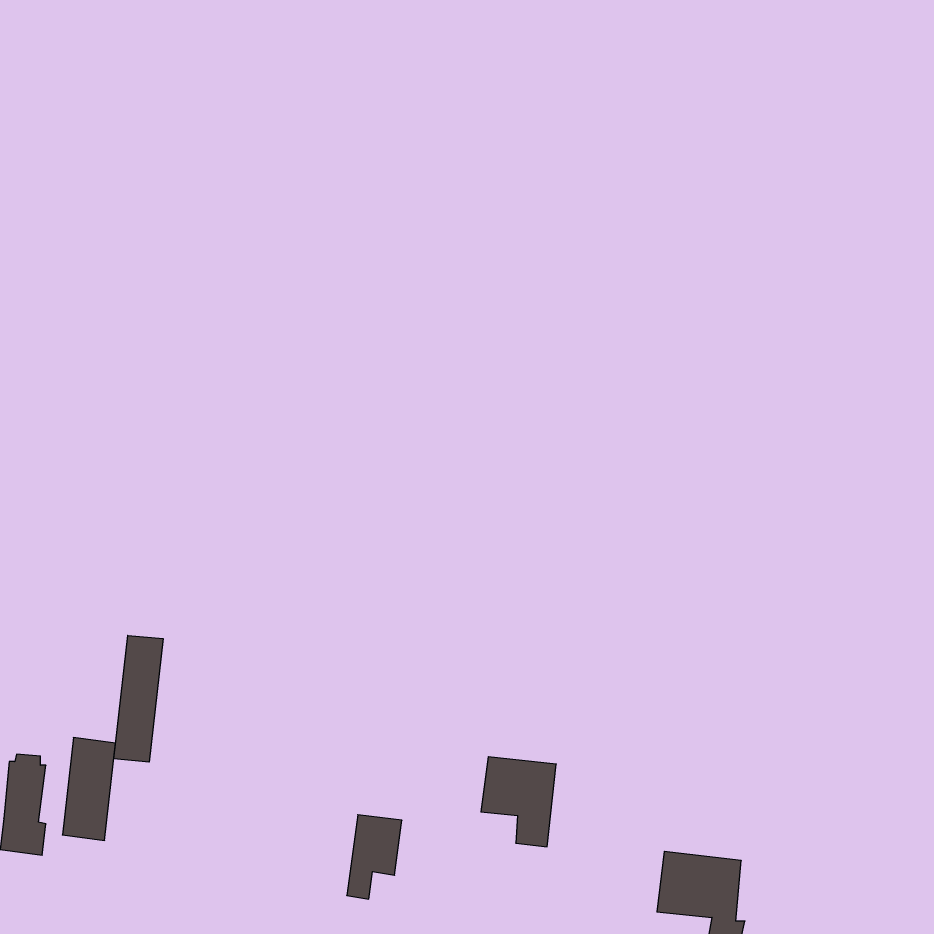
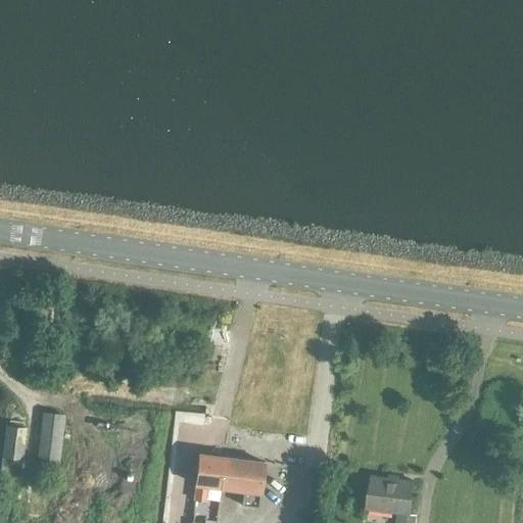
building: [114,635,163,762] -> none
building: [481,757,556,847] -> [220,459,262,509]

